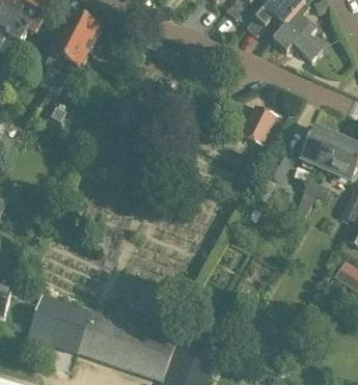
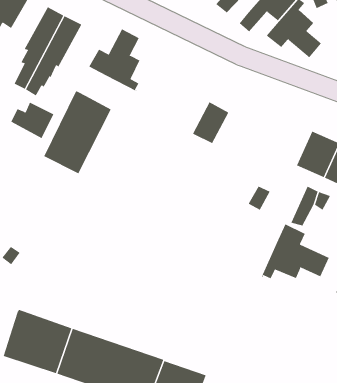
building: none -> [88,28,140,92]
building: none -> [43,91,112,174]
building: [243,104,277,143] -> [192,101,229,144]
building: none -> [261,223,330,279]

